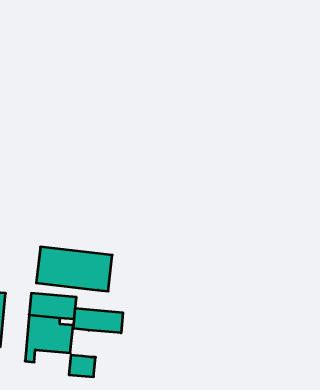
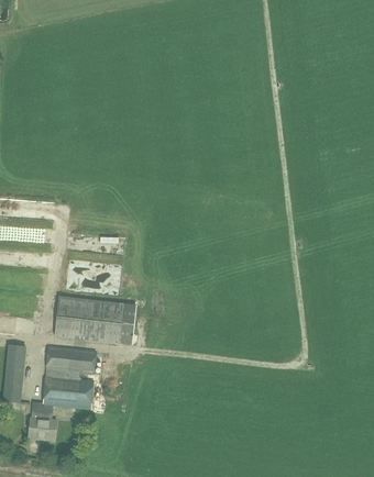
building: [74,308,123,333] -> none
building: [69,355,96,377] -> [29,417,57,440]

